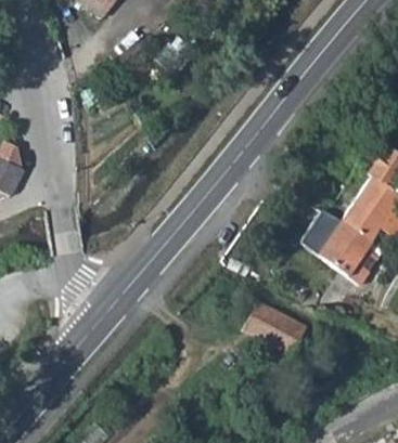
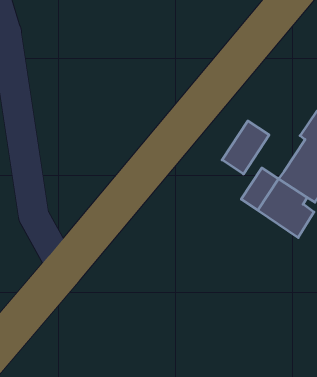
building: none -> [222,121,269,174]
building: [244,301,309,354] -> none

